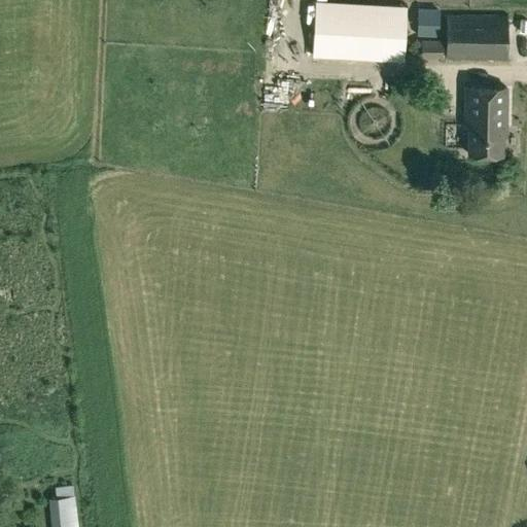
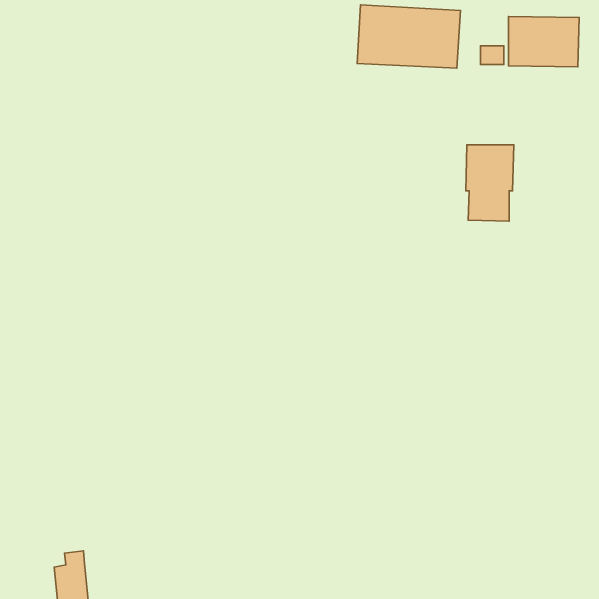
building: [417,10,440,36] -> none
building: [465,87,507,154] -> [466,145,514,221]

